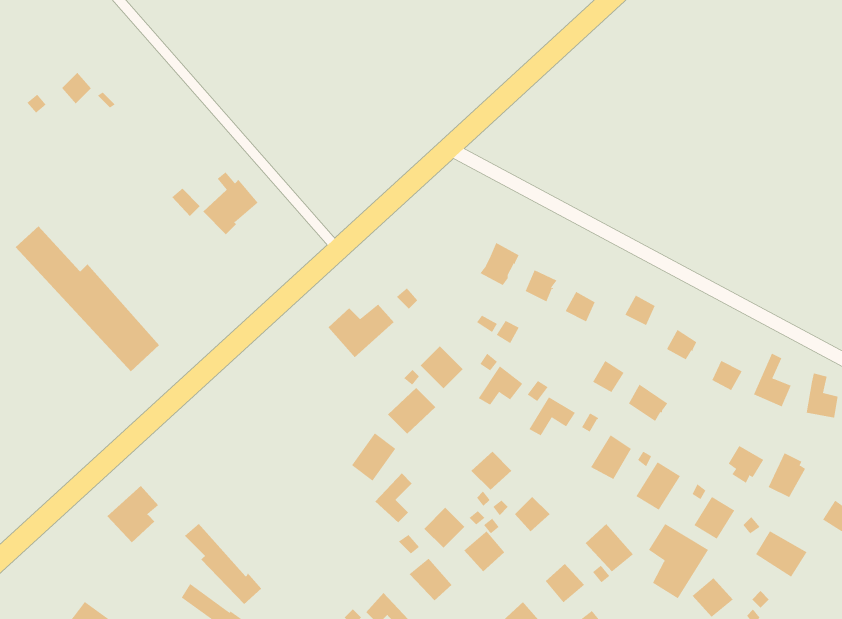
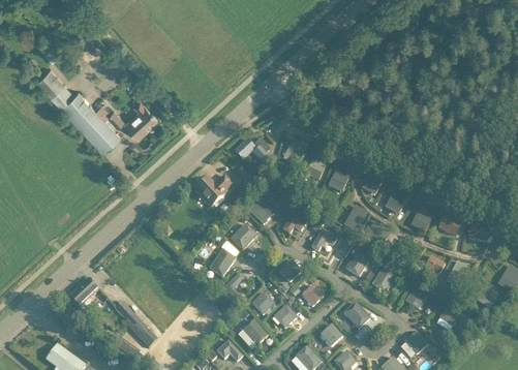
building: [15,225,160,372] -> [35,67,118,151]
building: none -> [234,137,269,161]
building: [648,523,709,599] -> none

